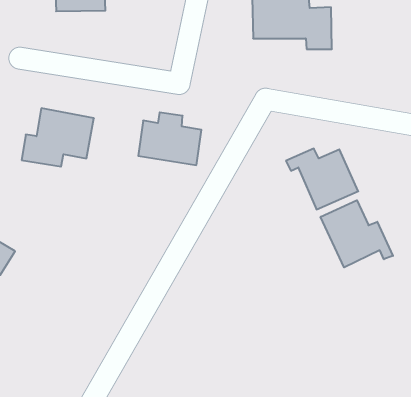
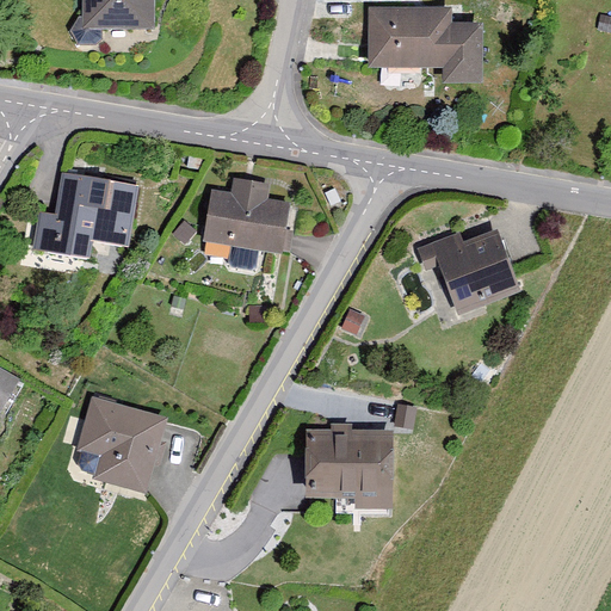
building: [321,200,393,267] -> none
building: none -> [74,394,167,490]
building: none -> [304,428,394,512]

